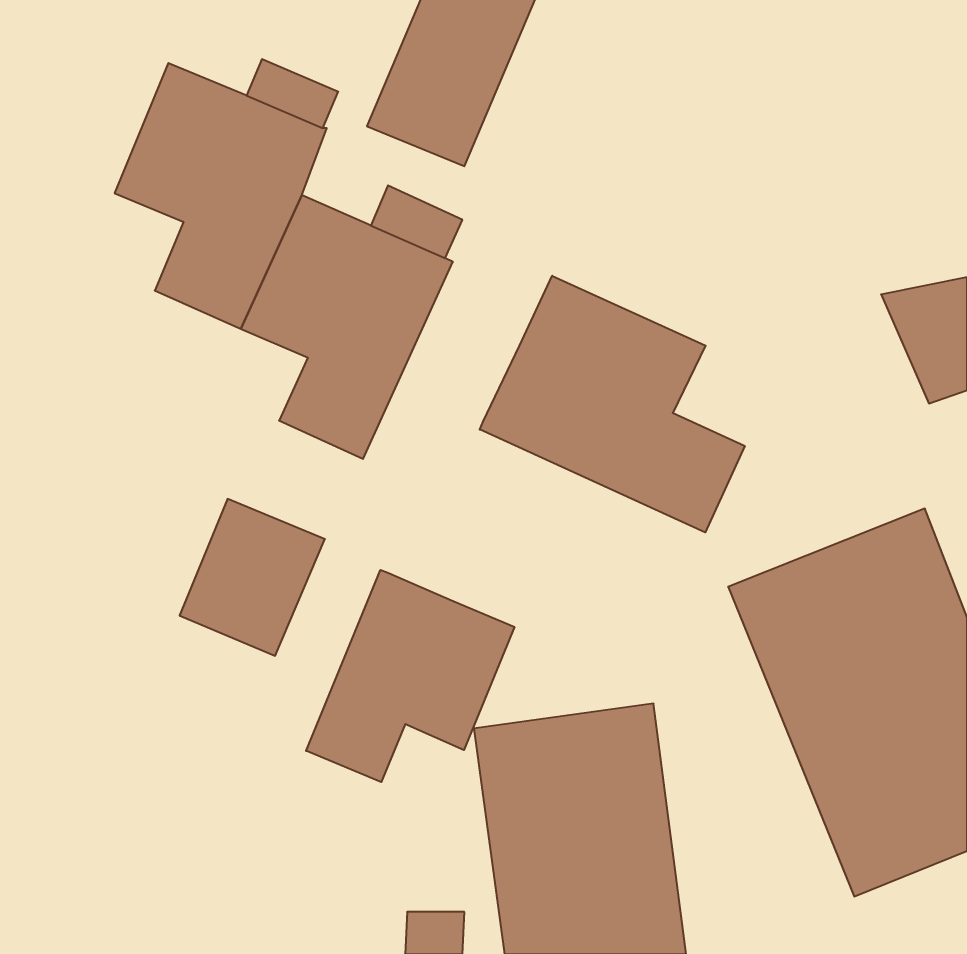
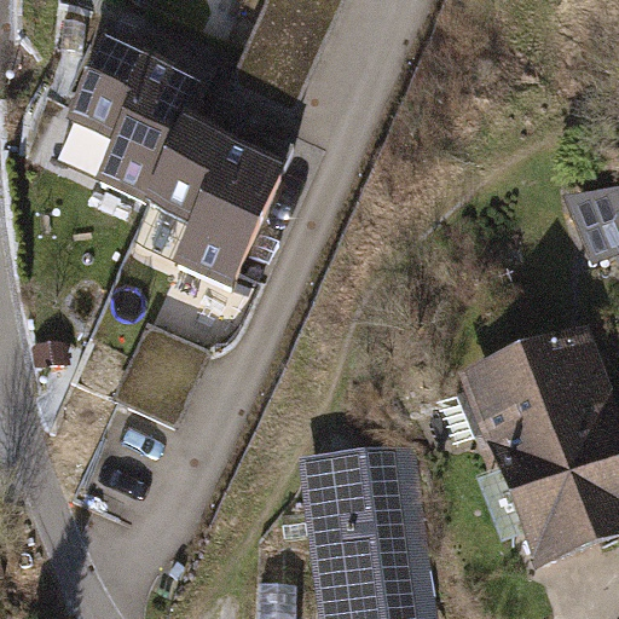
building: [480,276,745,532] -> none
building: [306,570,514,782] -> none

